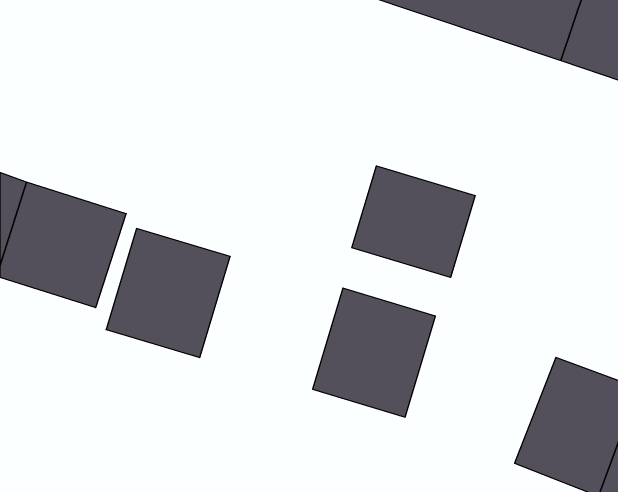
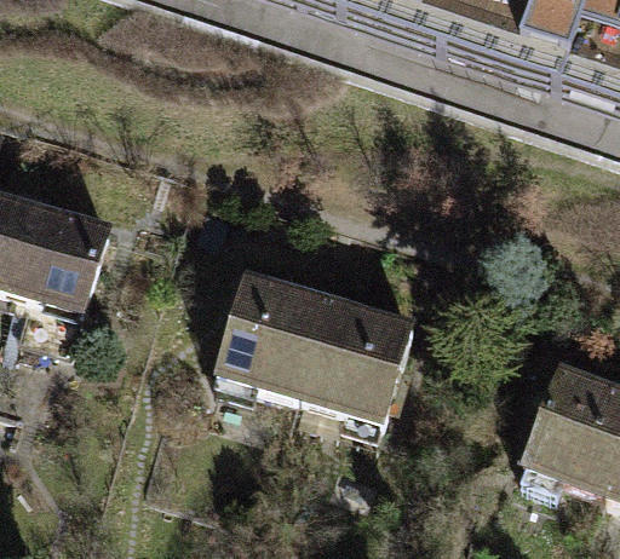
building: [352,166,475,277] -> none
building: [106,229,230,358] -> [218,283,341,411]

